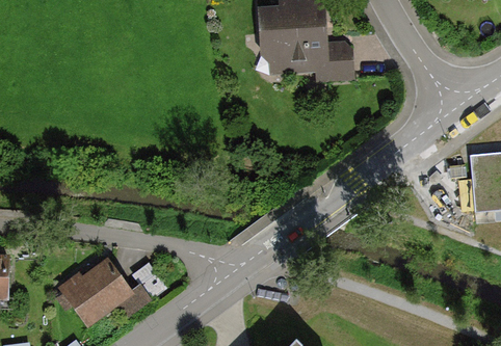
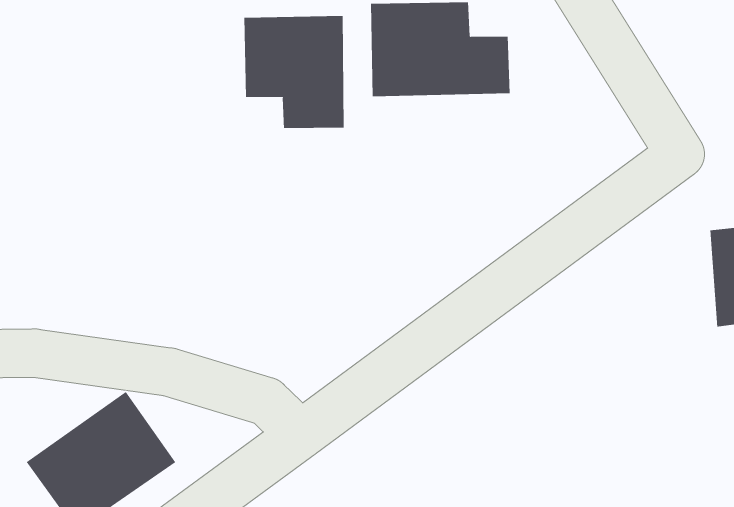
building: none -> [244,15,344,129]

